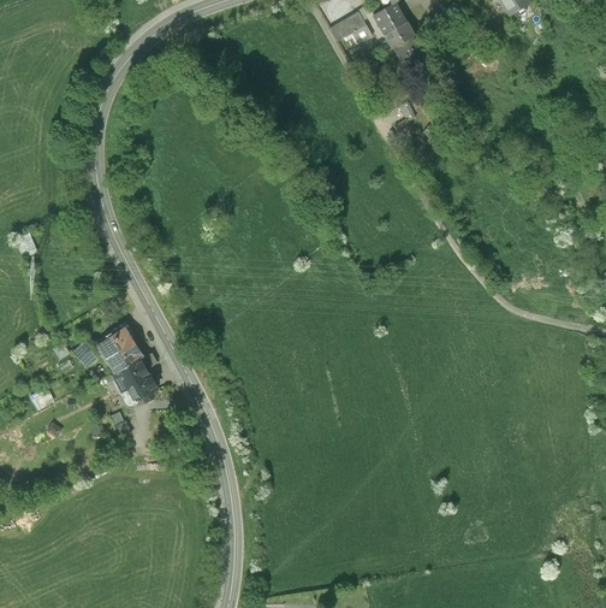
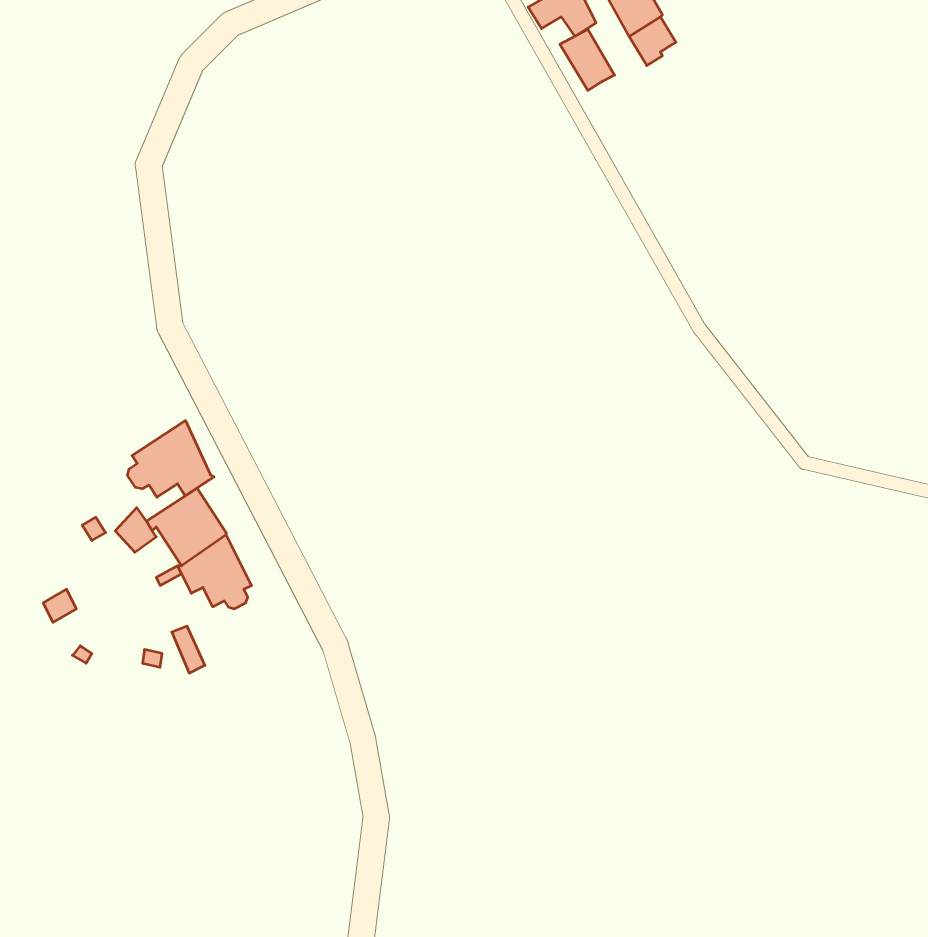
building: none -> [560,30,615,90]
building: none -> [128,421,214,497]

